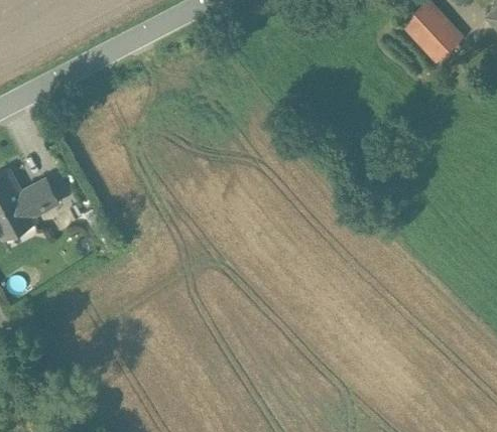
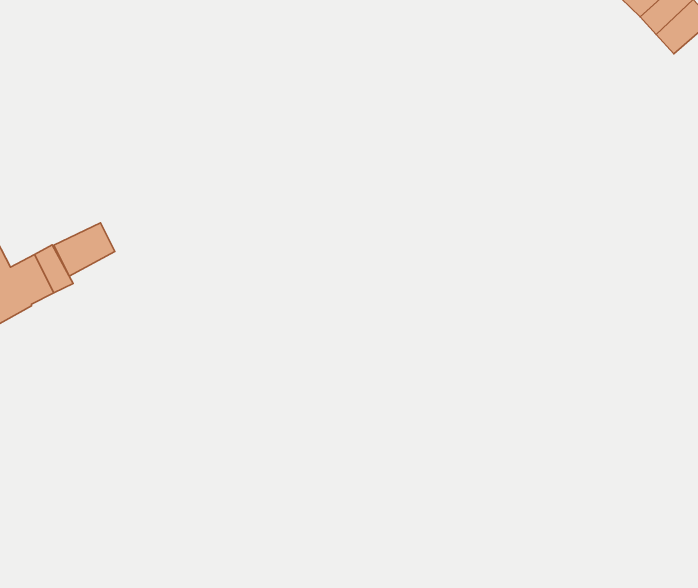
building: none -> [54,223,115,276]

